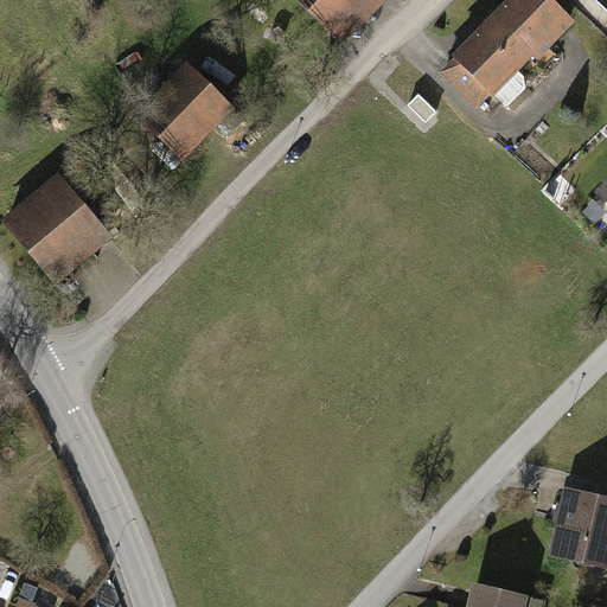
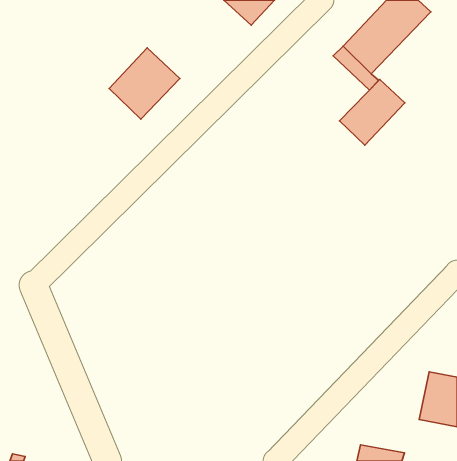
building: none -> [340,80,405,145]
building: [7,174,109,276] -> none

